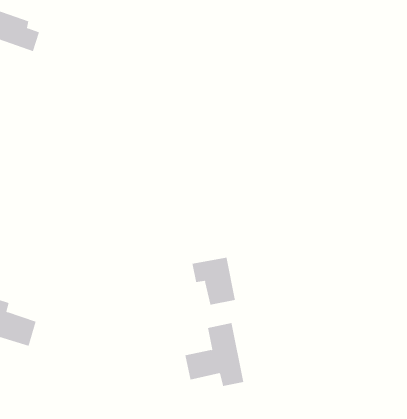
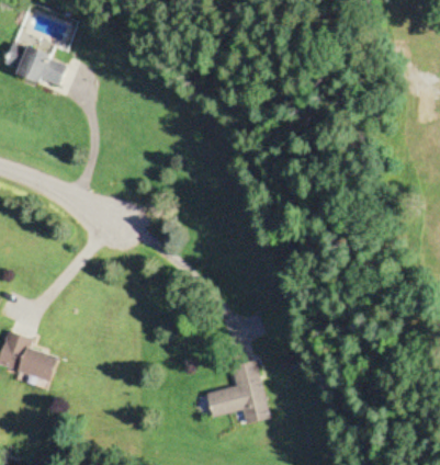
building: [192,257,235,306] -> none

